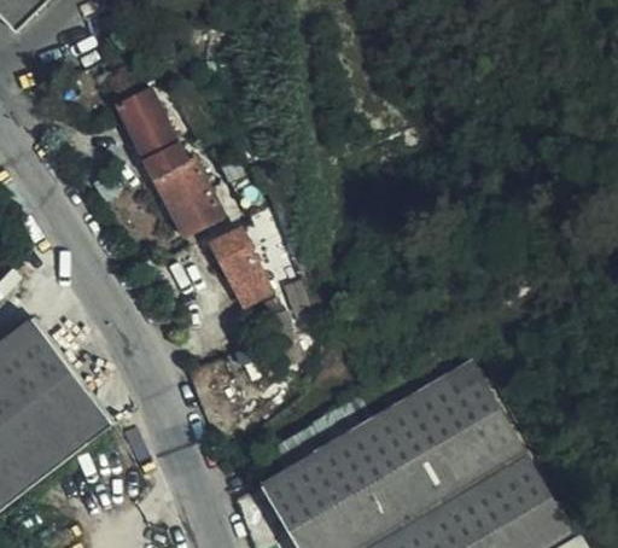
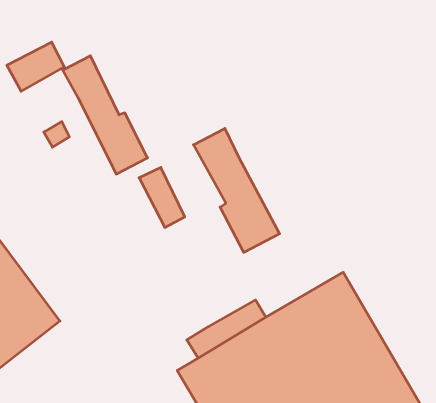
building: none -> [7,42,64,91]
building: none -> [193,128,280,252]

